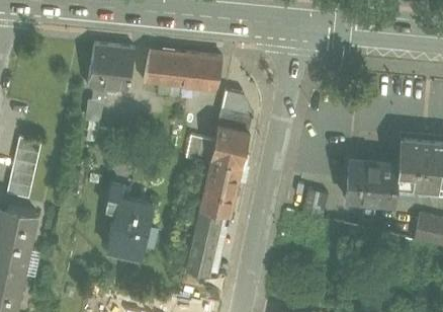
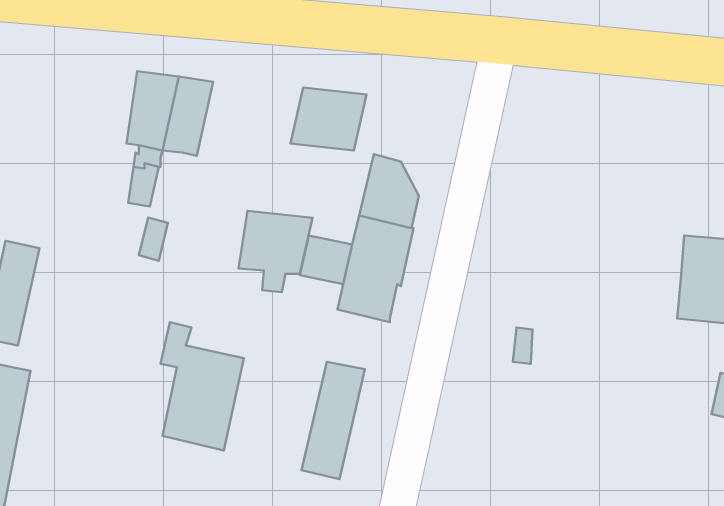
building: [146,51,187,96] -> [239,211,313,292]
building: [346,158,398,203] -> none
building: [200,179,237,215] -> none

